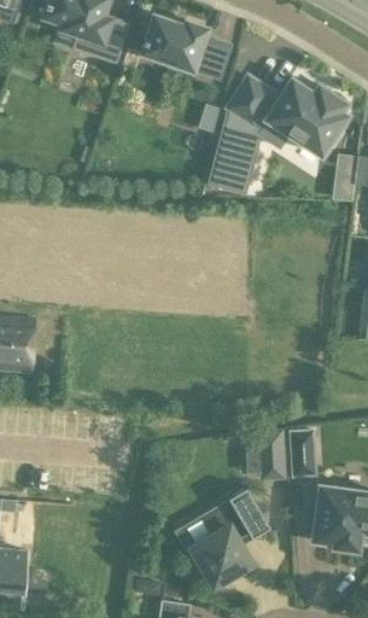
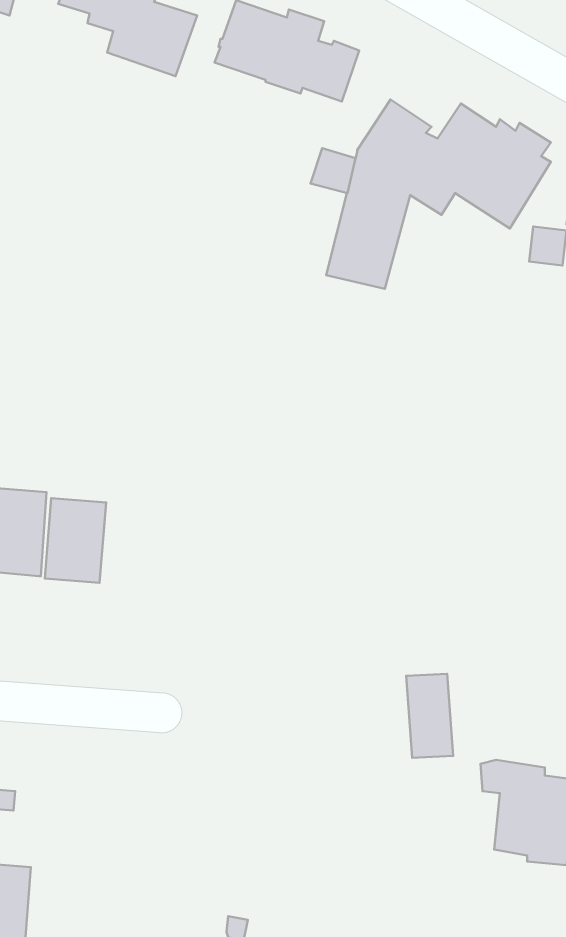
building: none -> [45,498,106,583]
building: [291,431,315,476] -> none
building: [191,488,269,587] -> none

